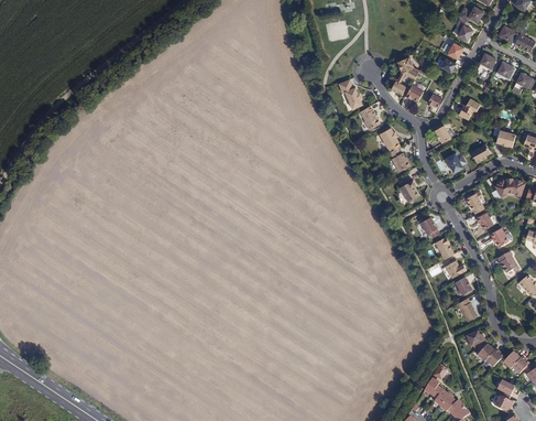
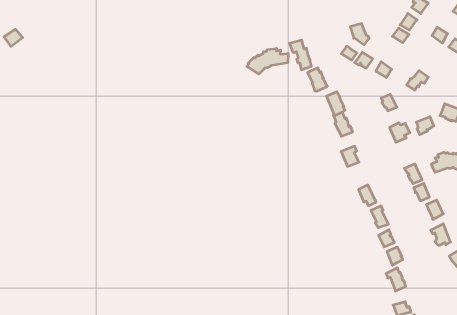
building: none -> [247,48,288,74]

